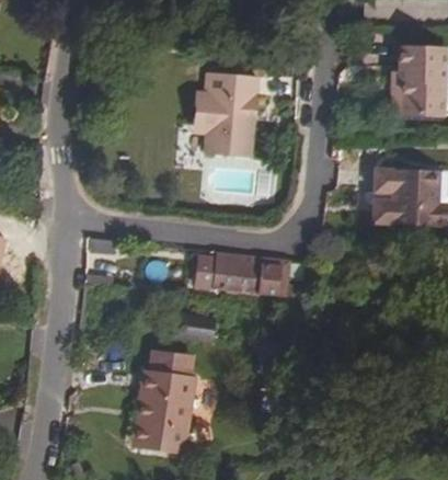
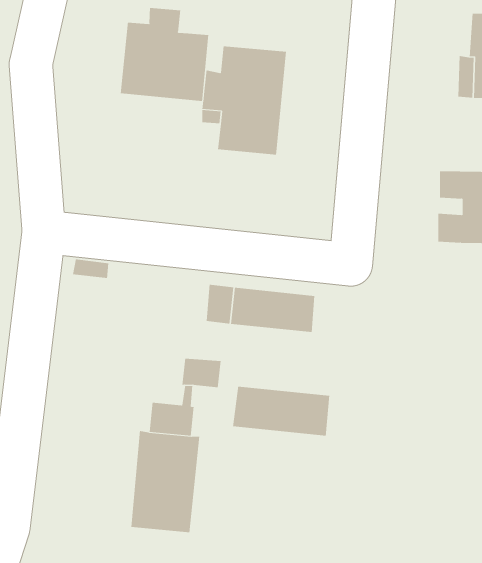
building: none -> [120,7,209,102]
building: none -> [232,386,330,436]

